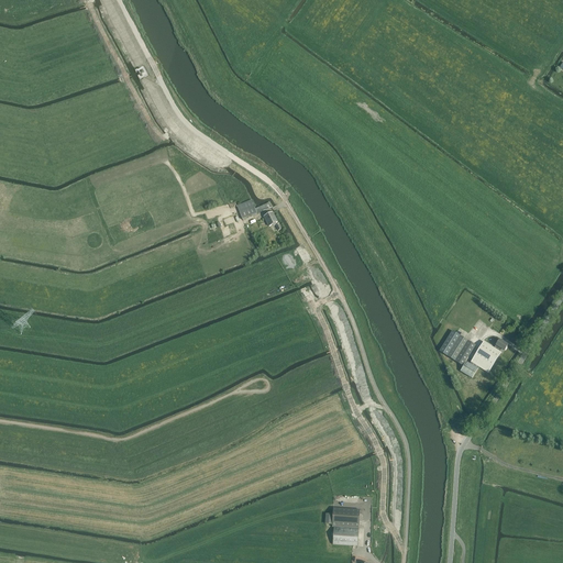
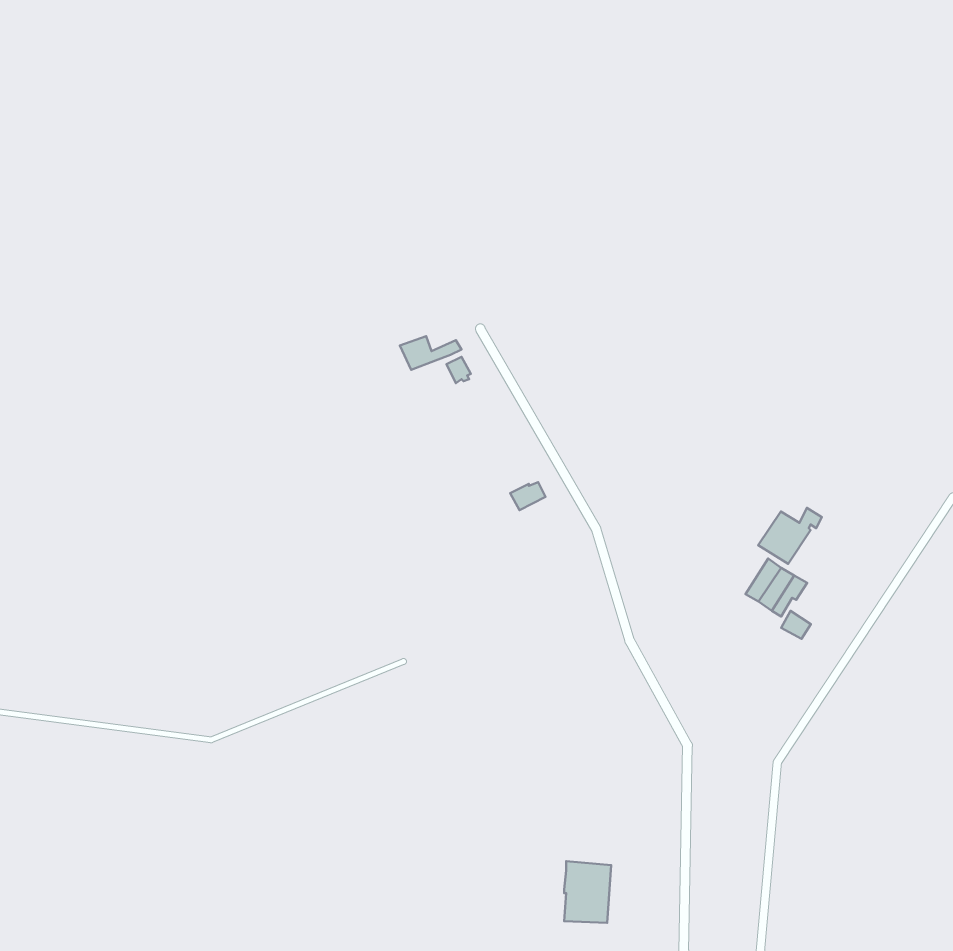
building: [470,338,507,371] -> [758,508,822,564]

